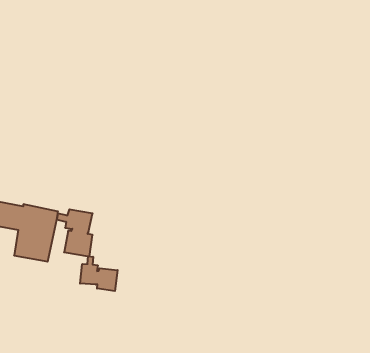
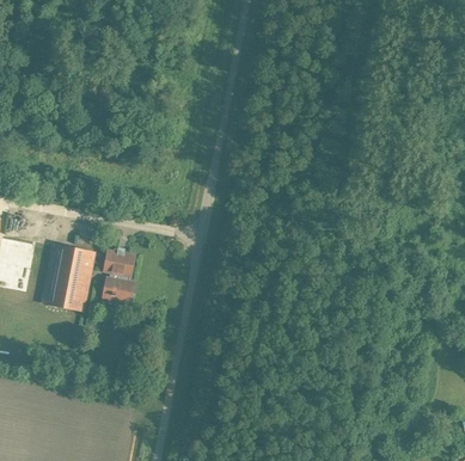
building: [80,256,118,291] -> none

